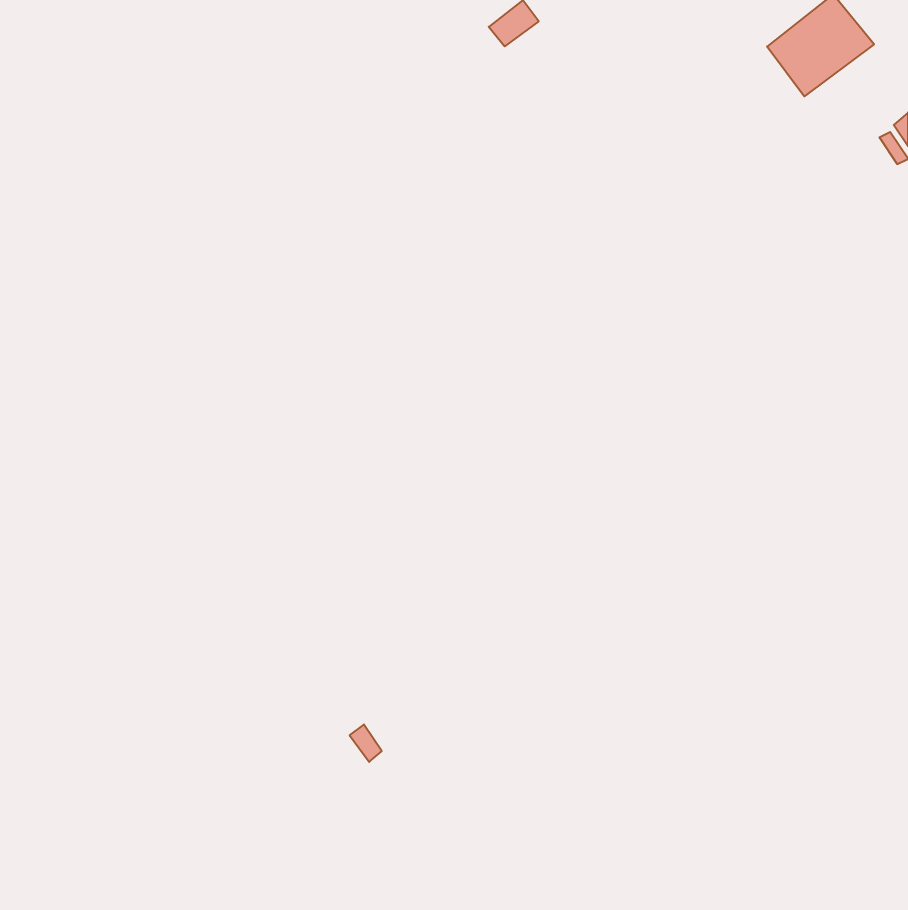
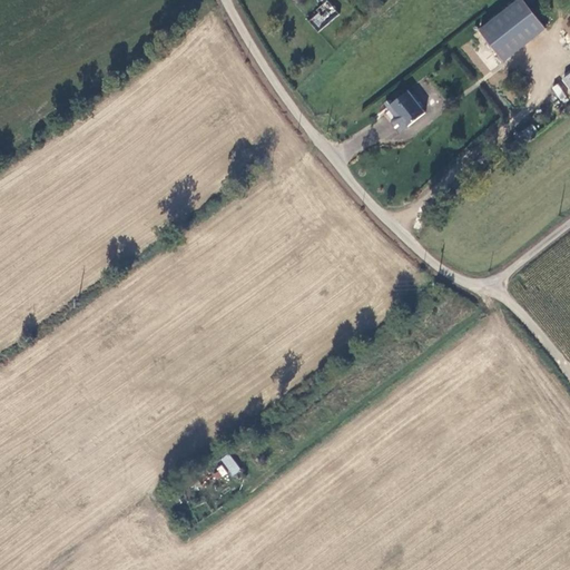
building: none -> [390,90,424,126]

